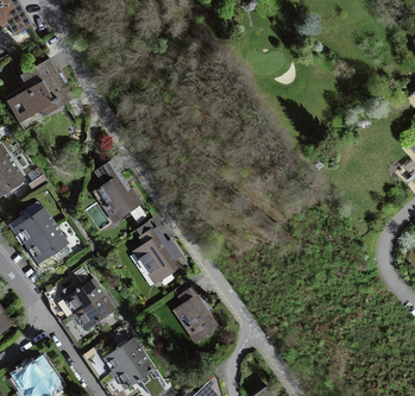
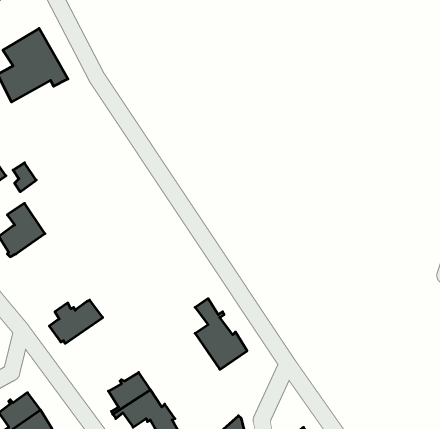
building: [99,162,142,218] -> none
building: [138,220,182,278] -> none
building: [31,226,65,258] -> none
building: [71,295,112,327] -> none

